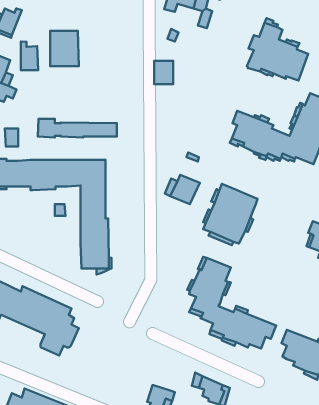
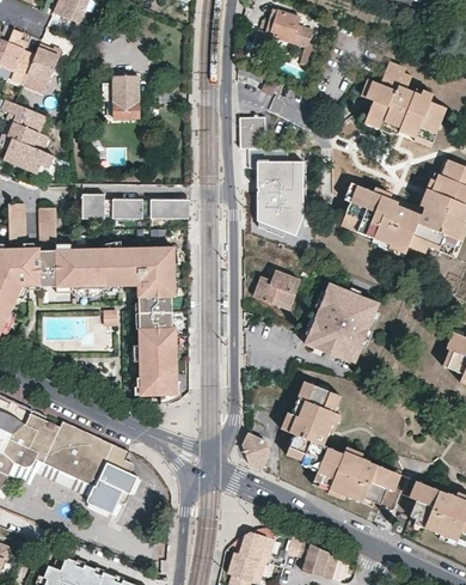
building: [21,41,38,70] -> none
building: none -> [256,160,303,236]
building: none -> [243,431,271,469]
building: none -> [238,532,272,560]

